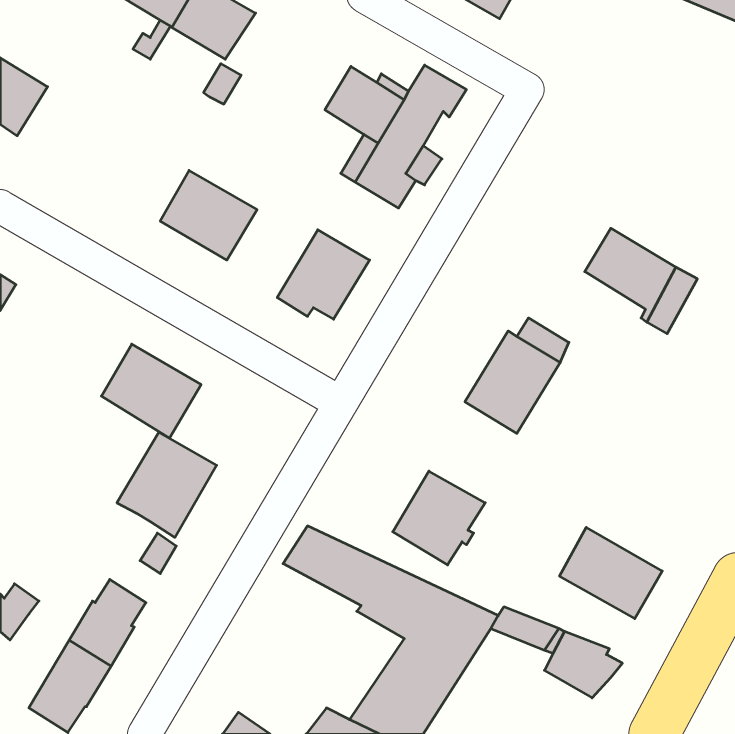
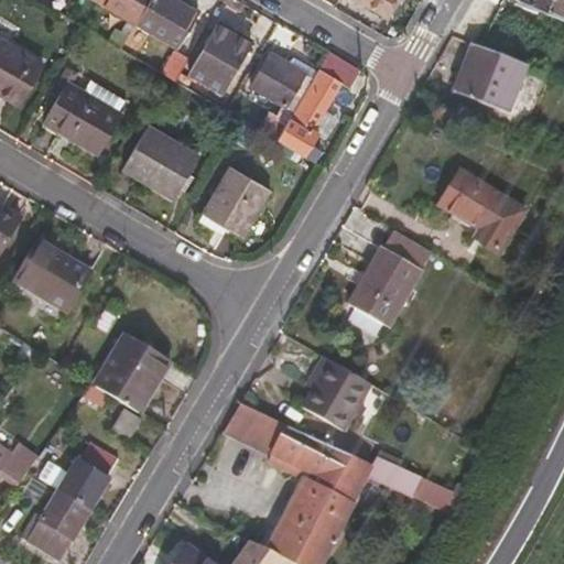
building: none -> [186,20,249,88]
building: none -> [453,41,525,108]
building: none -> [50,65,132,144]
building: [101,344,201,438] -> [11,239,87,311]
building: [560,527,662,619] -> none

